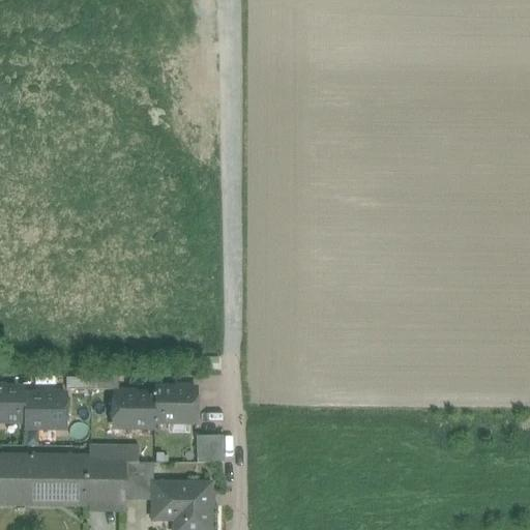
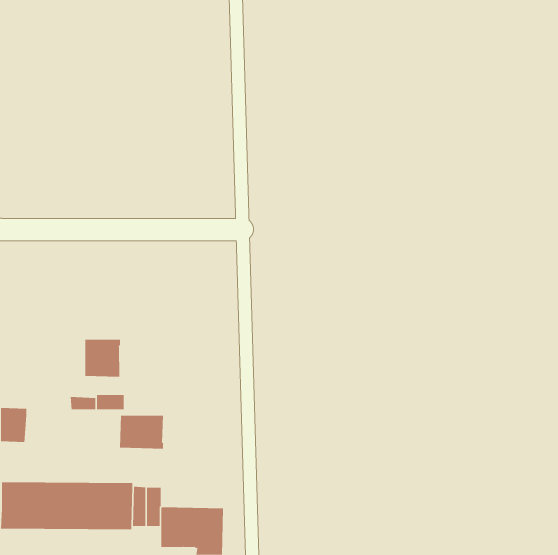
building: none -> [85,339,121,378]
building: [153,387,197,419] -> none
building: [24,393,66,426] -> none
building: [197,434,224,462] -> none

